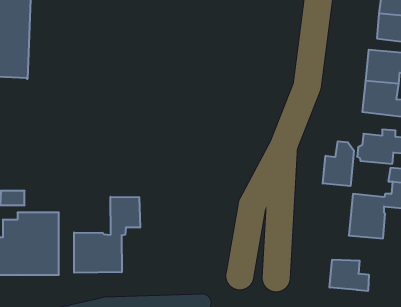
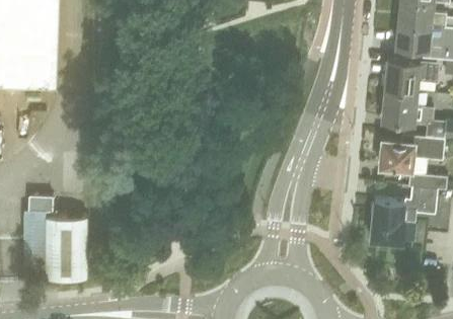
building: [323,141,354,186] -> none
building: [74,197,140,273] -> none
building: [330,260,369,291] -> none

